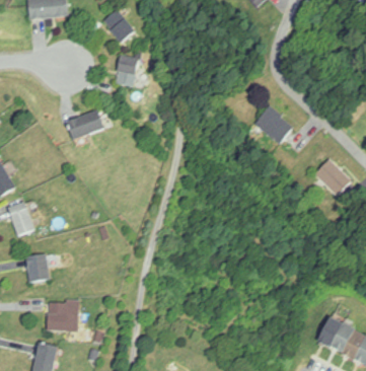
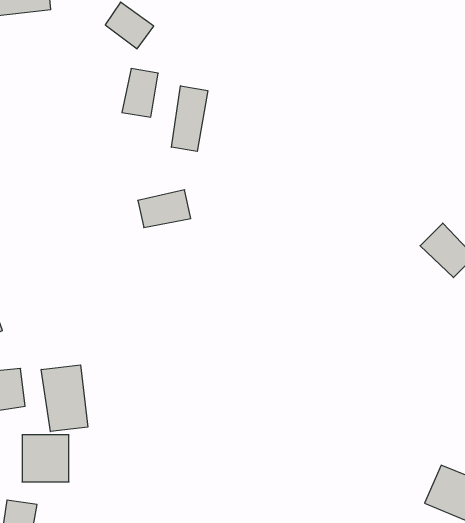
building: none -> [171,86,208,151]
building: [253,105,293,144] -> none
building: [67,112,102,137] -> [138,190,191,228]
building: none -> [41,365,88,432]

